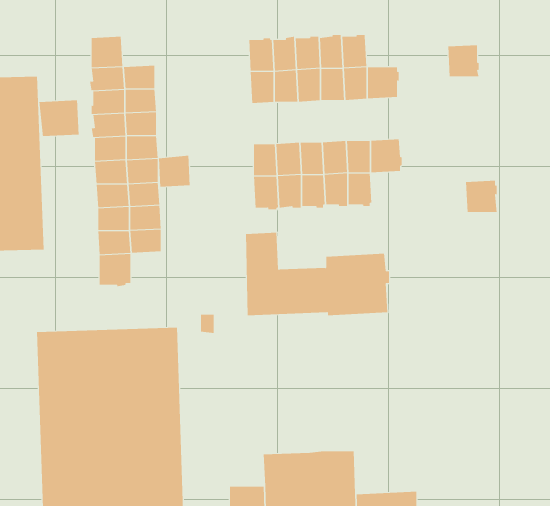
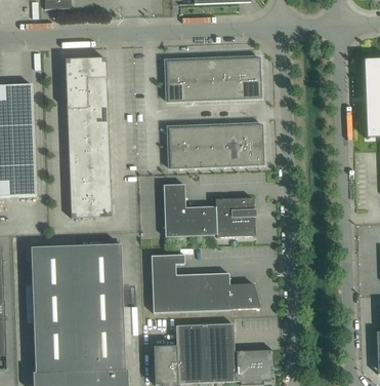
building: none -> [85,56,107,77]
building: [447,45,480,77] -> [241,56,261,77]
building: [39,100,79,137] -> none
building: [158,155,190,187] -> none
building: [465,180,497,212] -> [244,144,264,164]
building: none -> [91,195,112,217]
building: none -> [151,254,260,311]

